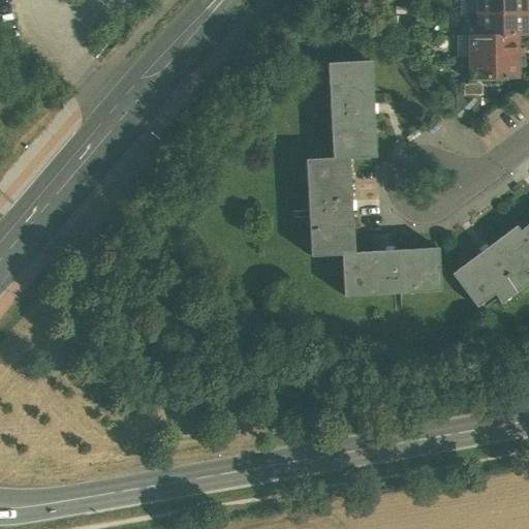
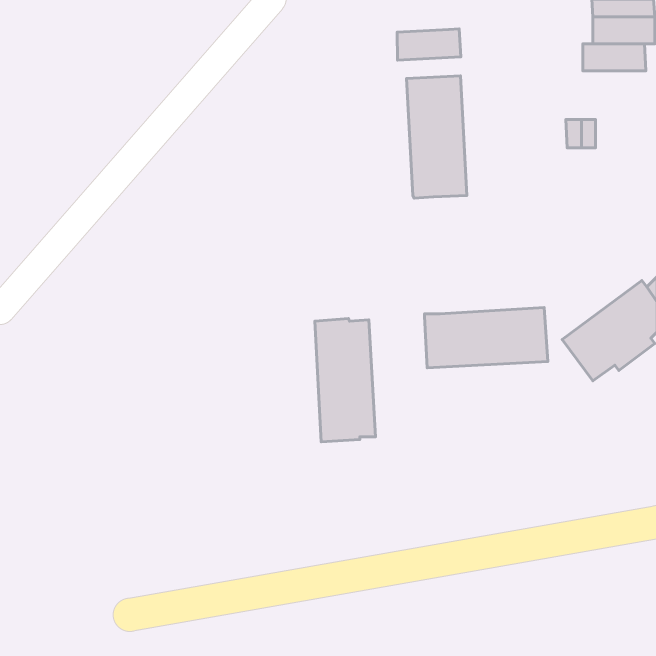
building: none -> [397,29,461,60]
building: [469,57,520,79] -> none
building: [306,157,354,256] -> [315,318,375,442]

